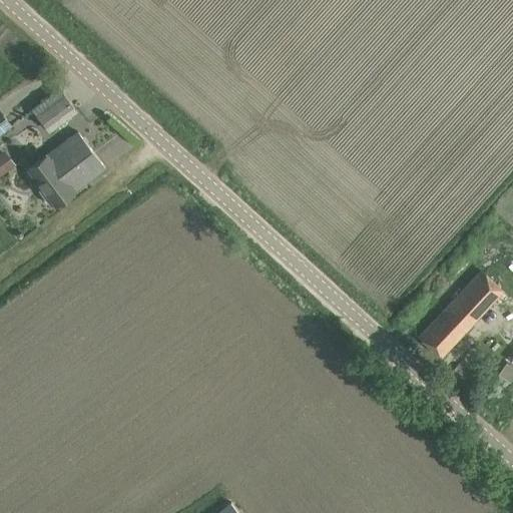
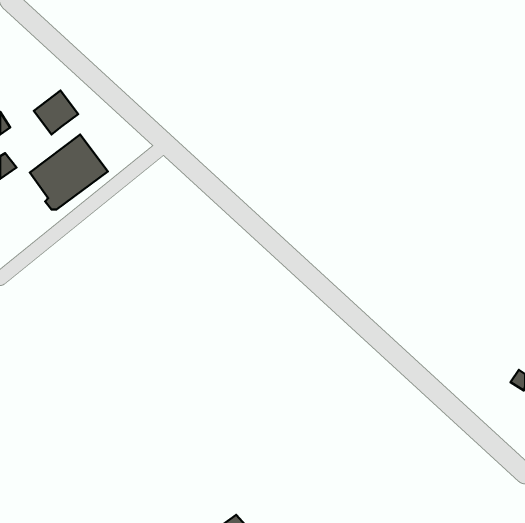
building: [420,274,500,357] -> none

